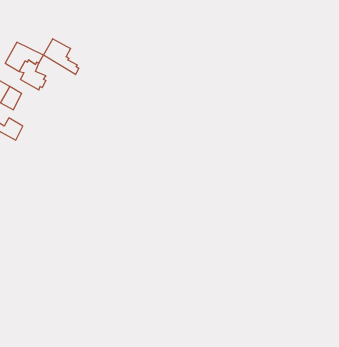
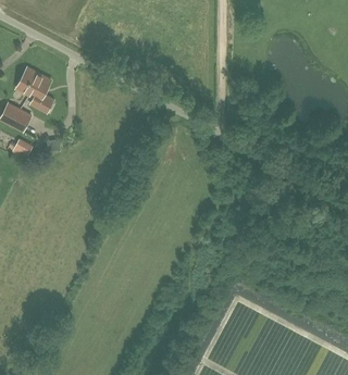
building: [44,39,79,75] -> none

